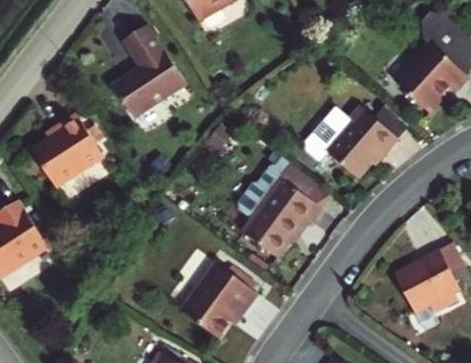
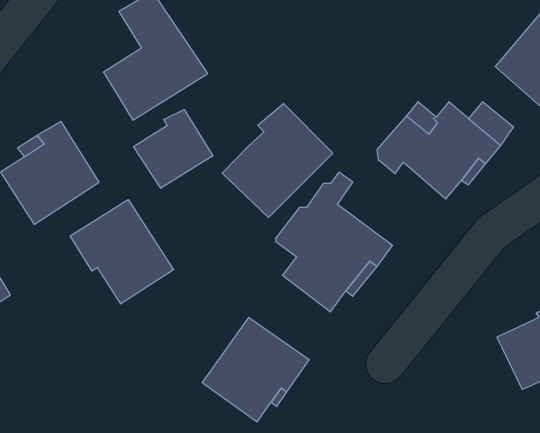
building: none -> [222,103,333,218]
building: none -> [134,109,213,188]
building: none -> [70,200,174,304]

